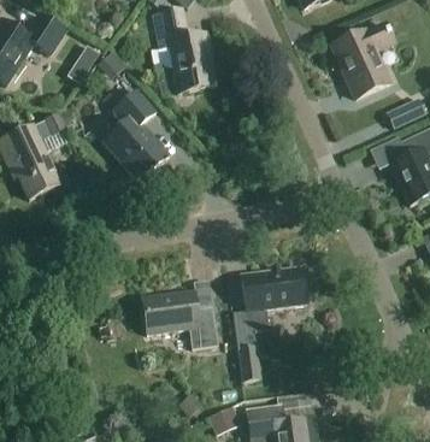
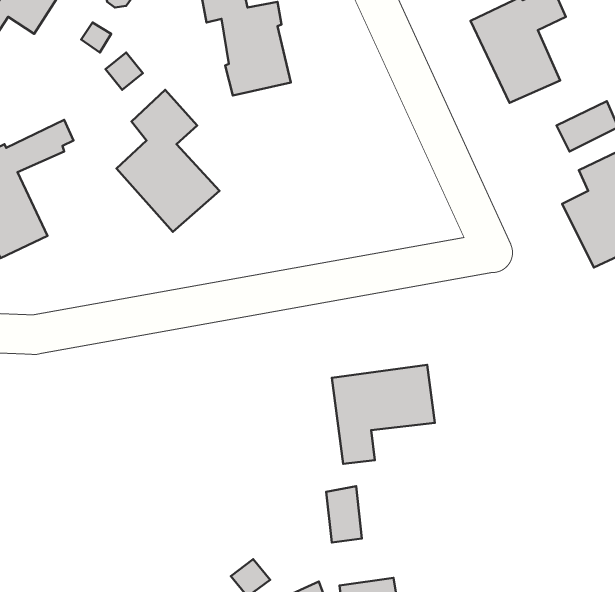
building: [142,290,217,348] -> none

